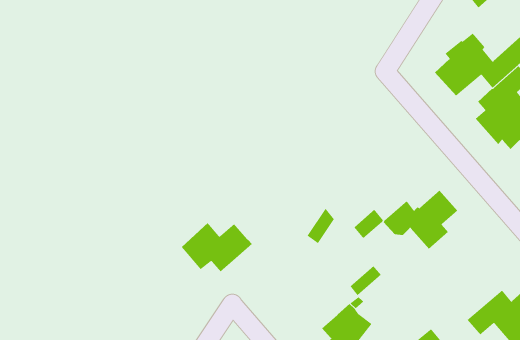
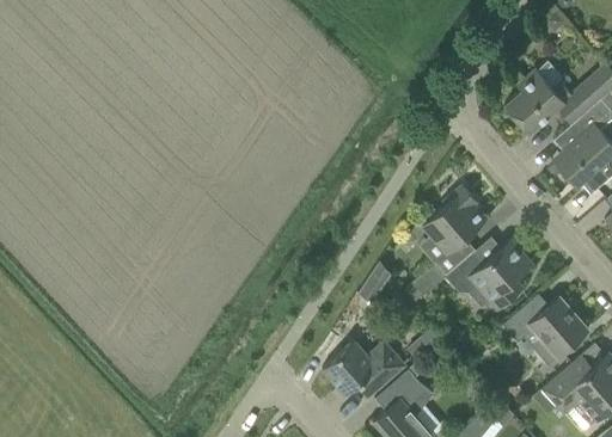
building: none -> [421,185,488,256]
building: [181,222,253,272] -> [323,341,405,399]
building: none -> [502,294,589,359]

